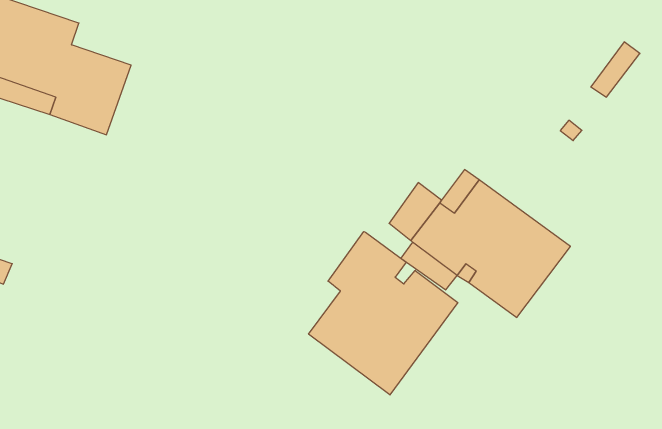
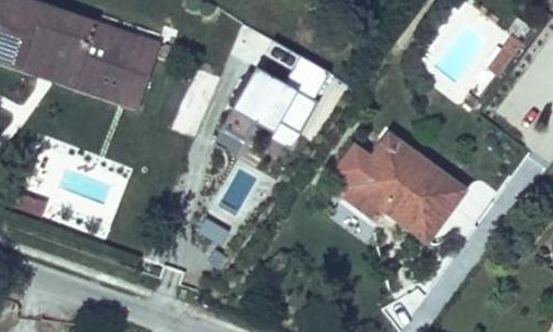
building: none -> [94,22,163,112]
building: none -> [213,56,329,156]
building: [309,232,458,395] -> none

